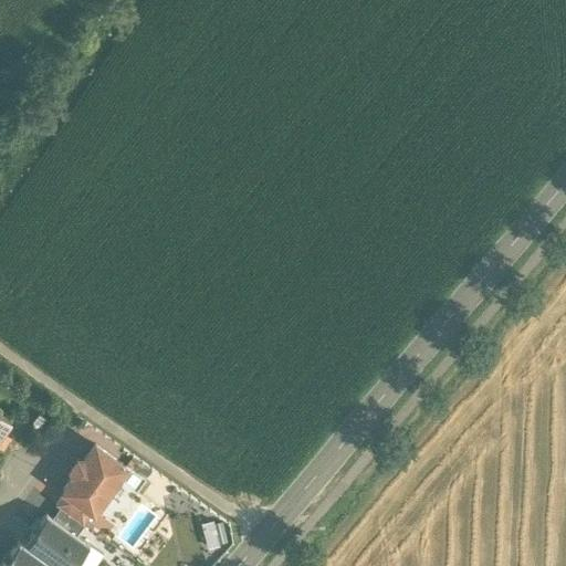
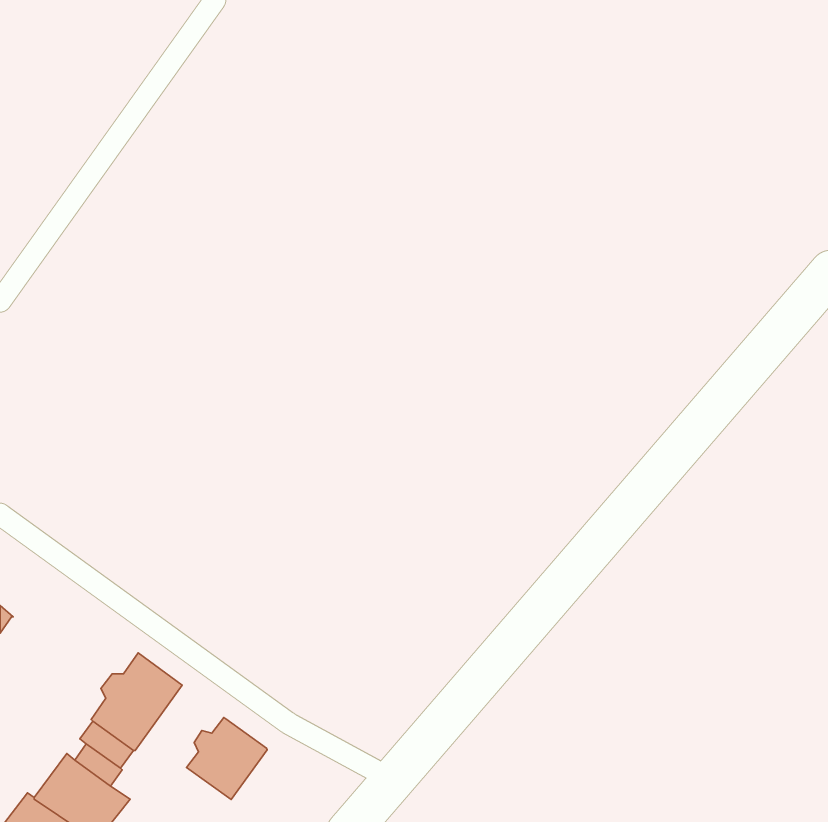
building: none -> [187,718,267,799]

